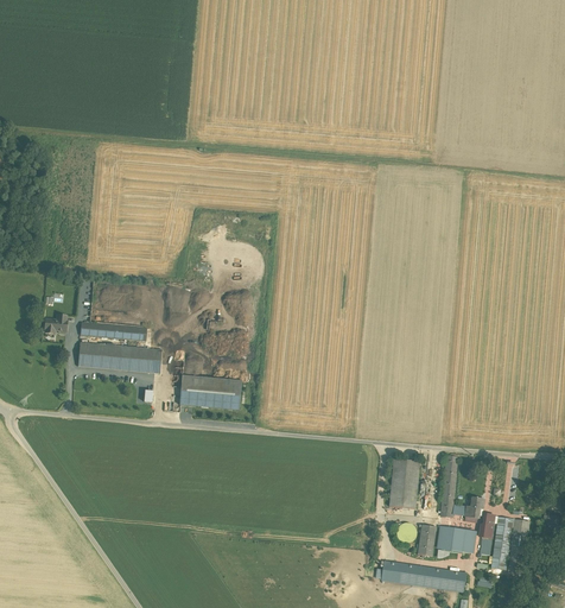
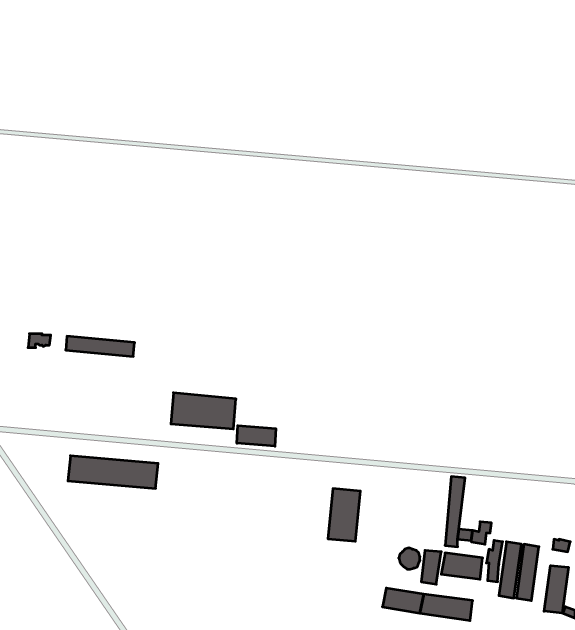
building: [76,342,161,373] -> [68,456,158,488]
building: none -> [237,426,276,446]
building: [388,458,419,508] -> [328,489,360,541]
building: none -> [544,566,568,613]

